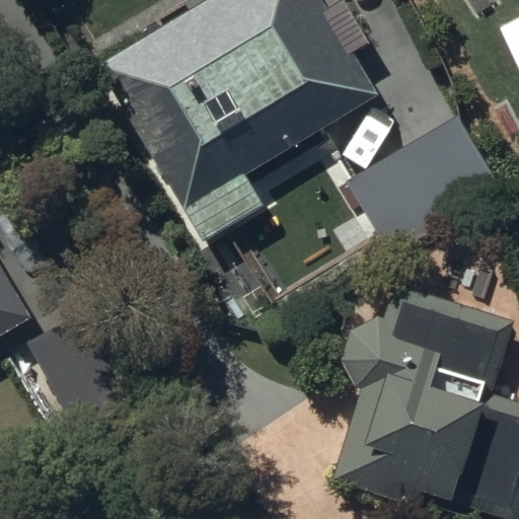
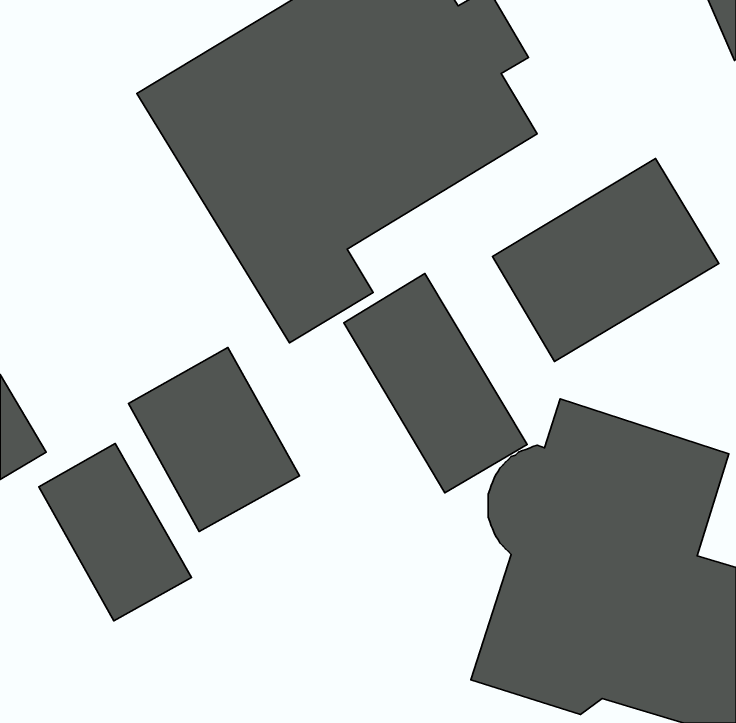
building: none -> [344,274,527,493]
building: none -> [128,347,300,531]

